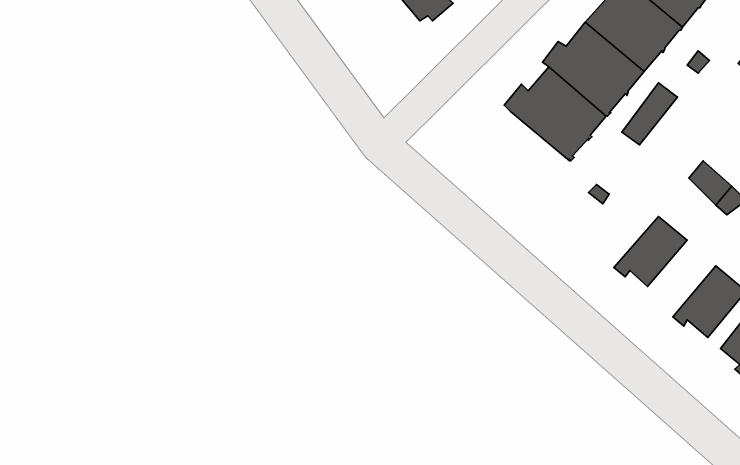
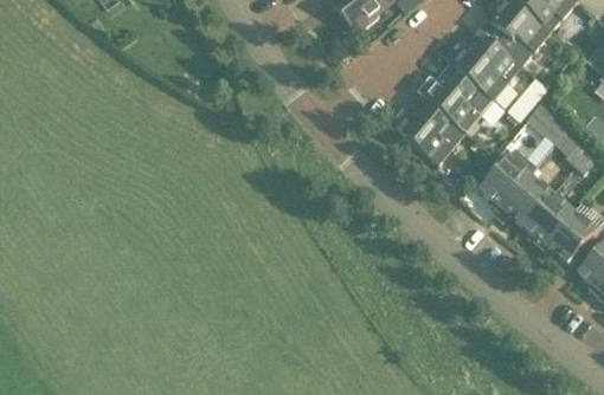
building: none -> [390,97,465,166]
building: none -> [527,104,567,147]
building: none -> [480,149,538,213]
building: none -> [523,193,574,250]

